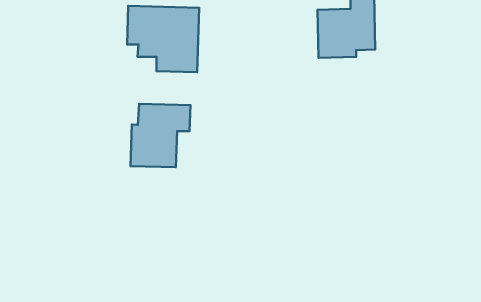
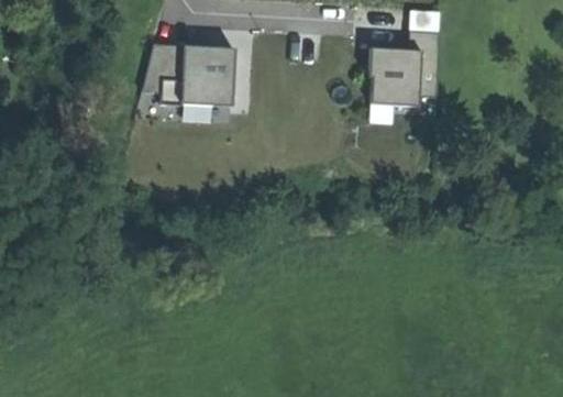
building: [130,104,191,167] -> none

